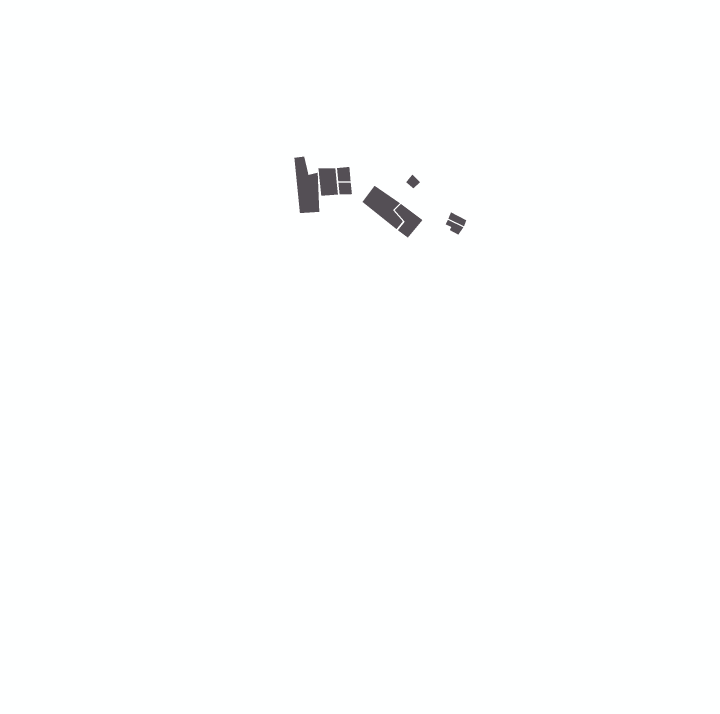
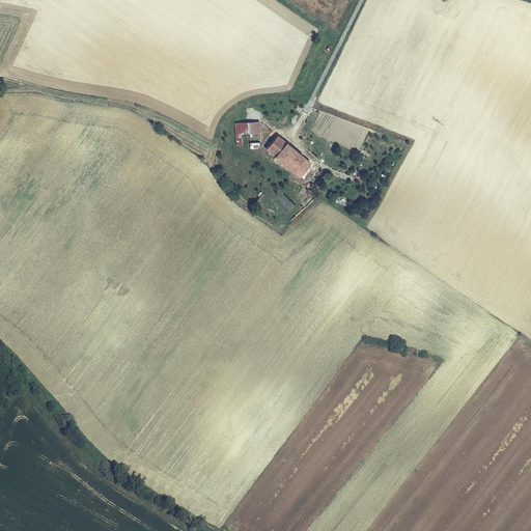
building: [294,156,320,214] -> none

